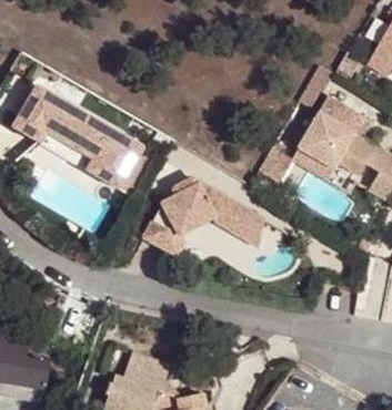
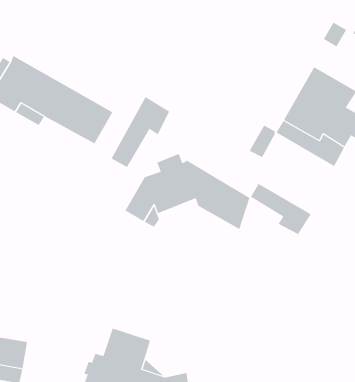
building: none -> [110,96,170,168]
building: none -> [250,182,312,235]

